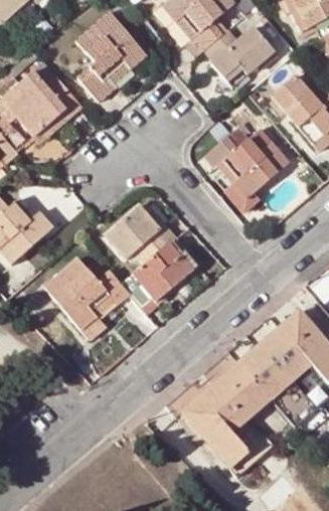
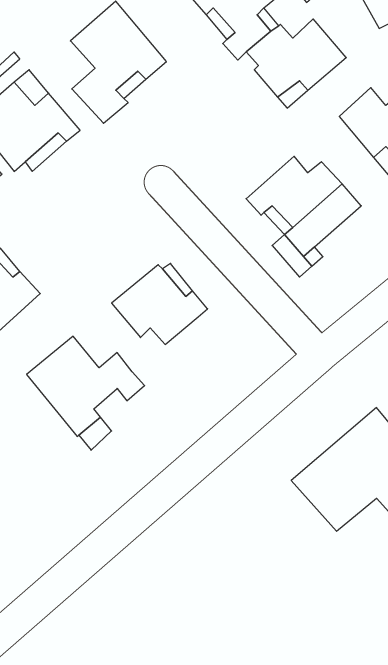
building: [121,243,194,311] -> none
building: [181,363,274,476] -> none

